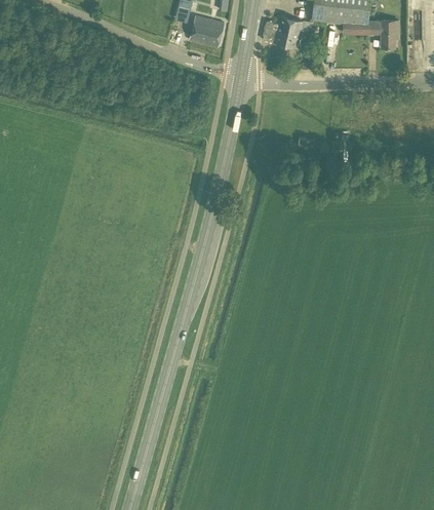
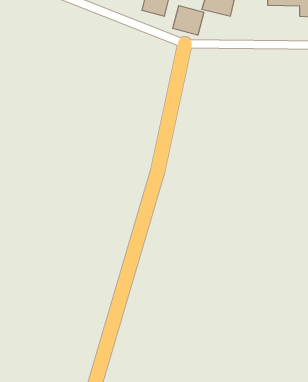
building: none -> [173,6,204,35]

